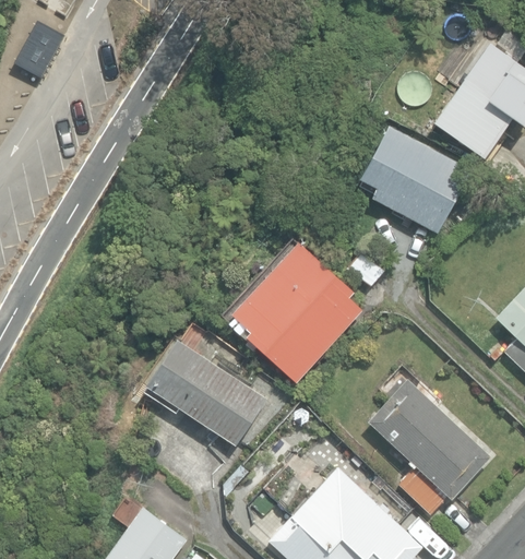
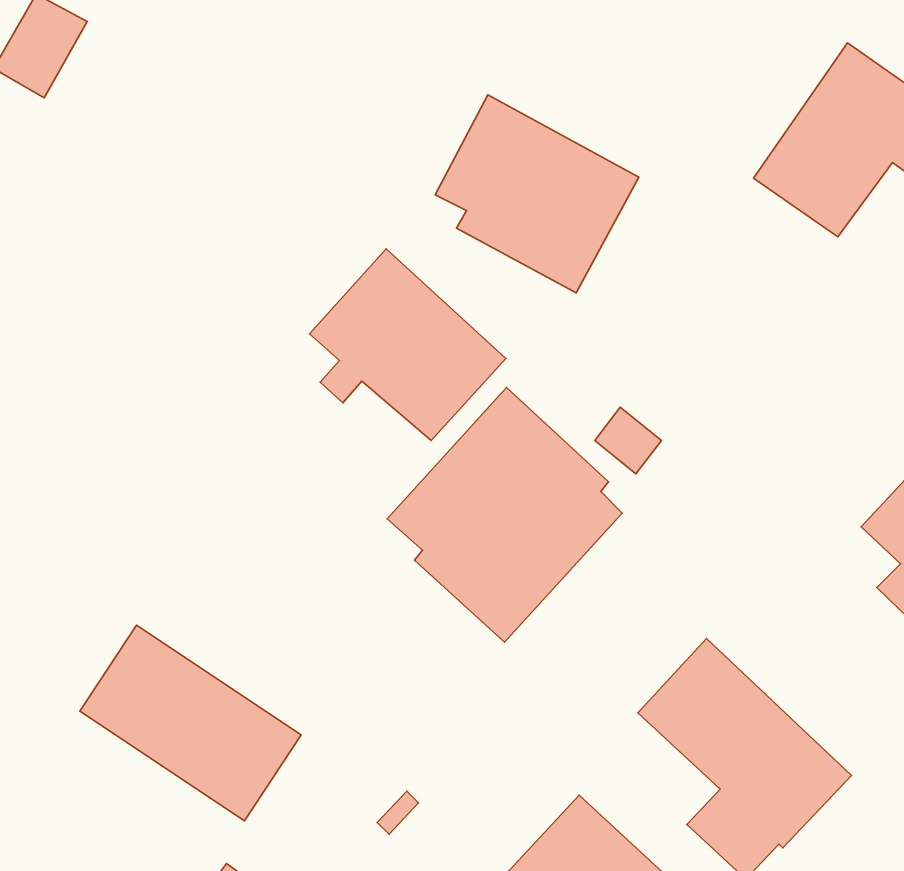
building: [359,124,473,235] -> [435,95,639,293]
building: none -> [309,249,506,441]
building: [145,337,269,447] -> [80,625,301,821]

